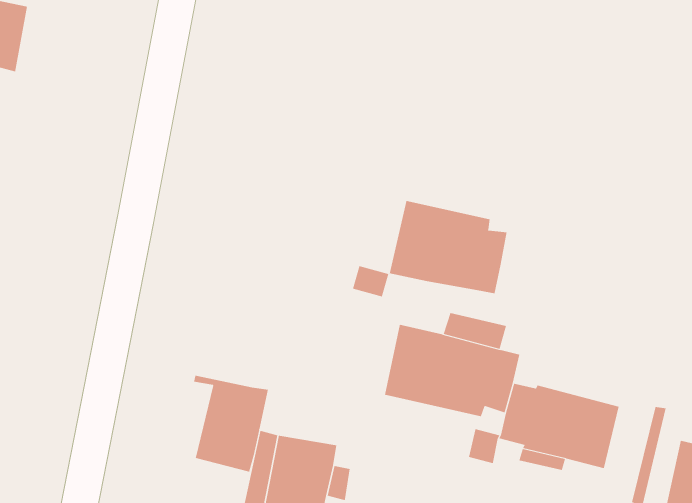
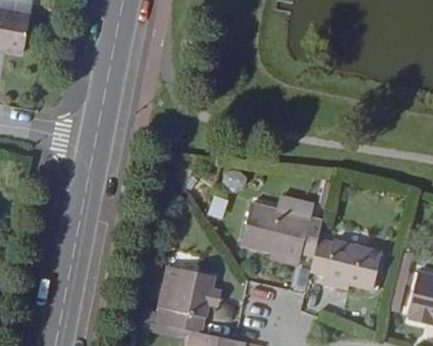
building: [389,200,507,294] -> none
building: [193,375,269,472] -> none

